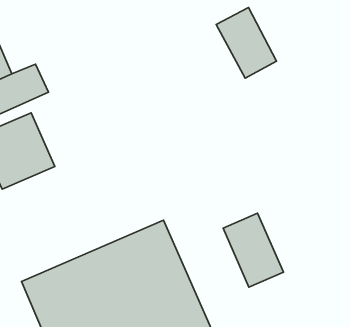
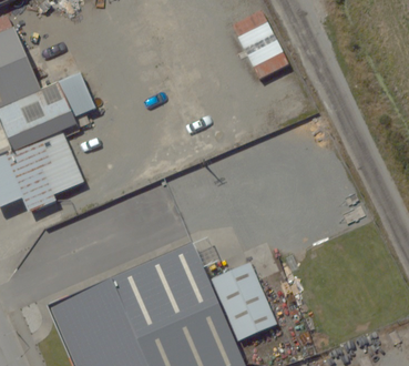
building: [223,213,283,287] -> [213,265,275,342]

